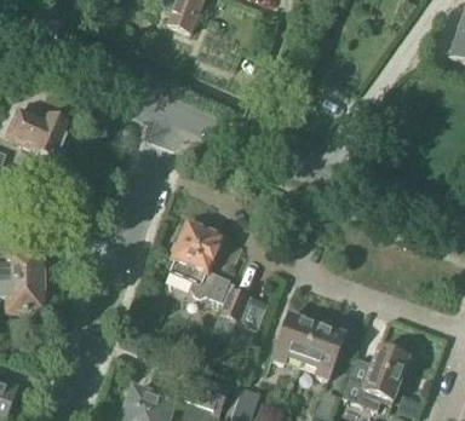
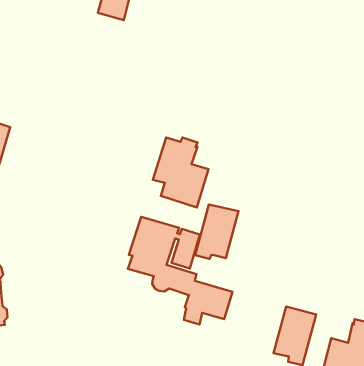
building: none -> [153,137,208,207]
building: [271,313,317,367] -> [195,204,239,259]

